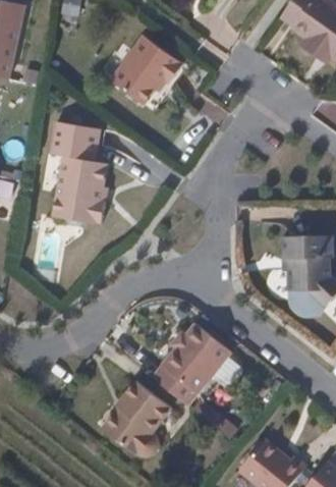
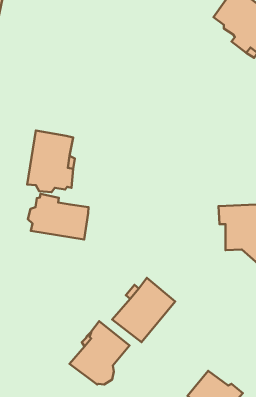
building: [105,34,177,104] -> none
building: [53,121,105,161] -> none
building: none -> [28,194,89,240]

